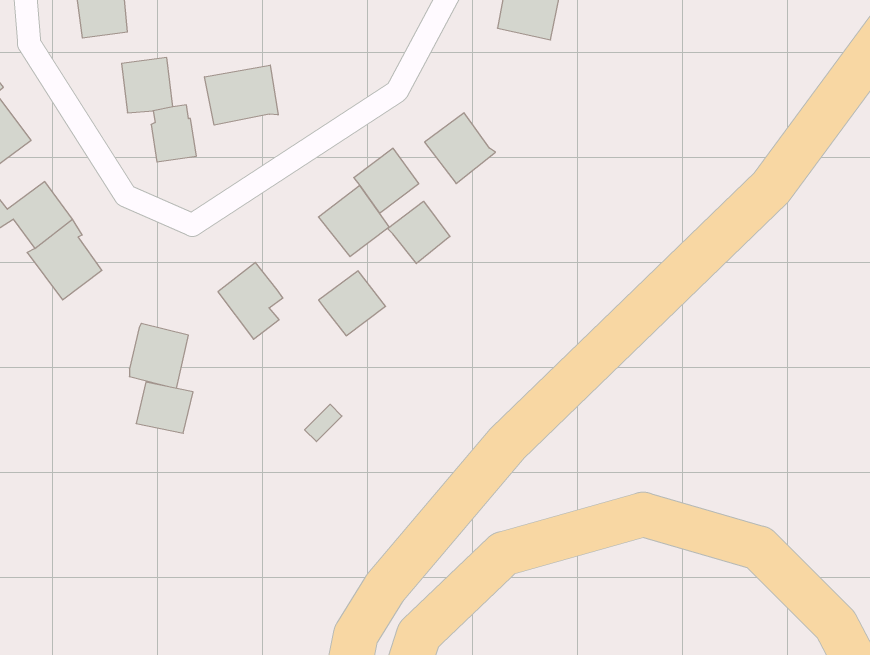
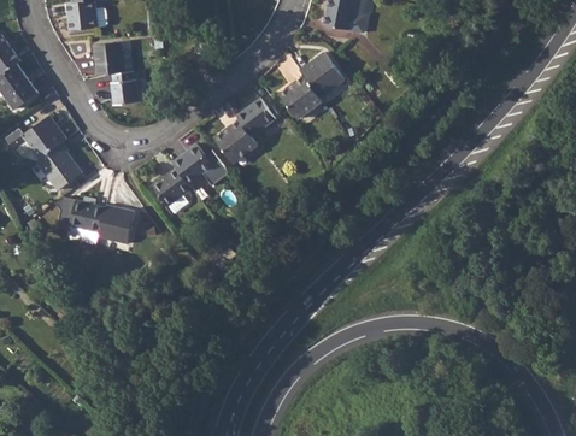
building: [205,65,278,125] -> none
building: none -> [300,53,343,98]
building: [387,201,450,264] -> none
building: [319,271,386,336] -> [172,145,213,184]
building: [136,382,193,433] -> [70,201,105,232]

